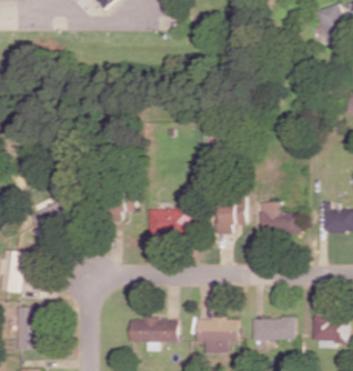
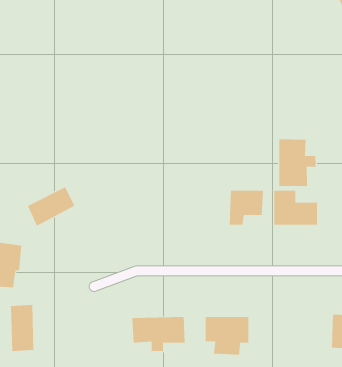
building: none -> [279,138,316,187]
building: [145,208,198,234] -> none
building: [251,318,294,340] -> none

